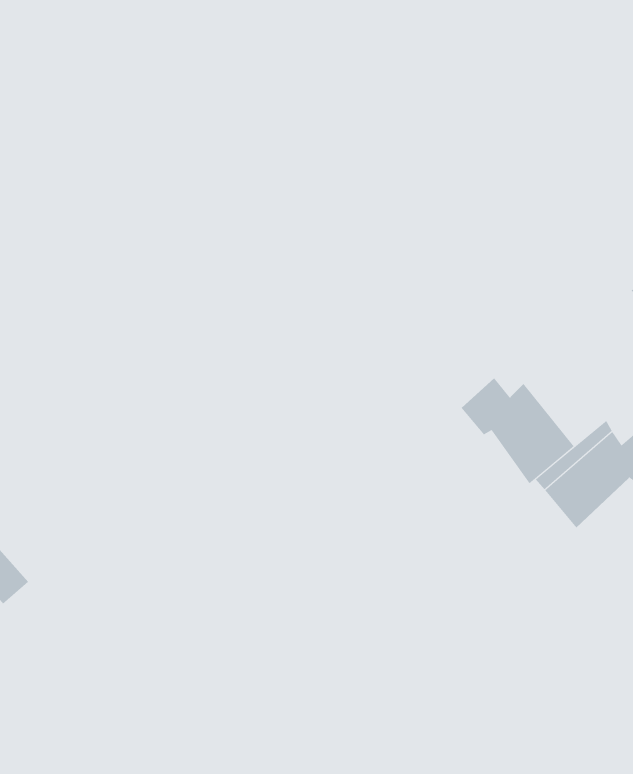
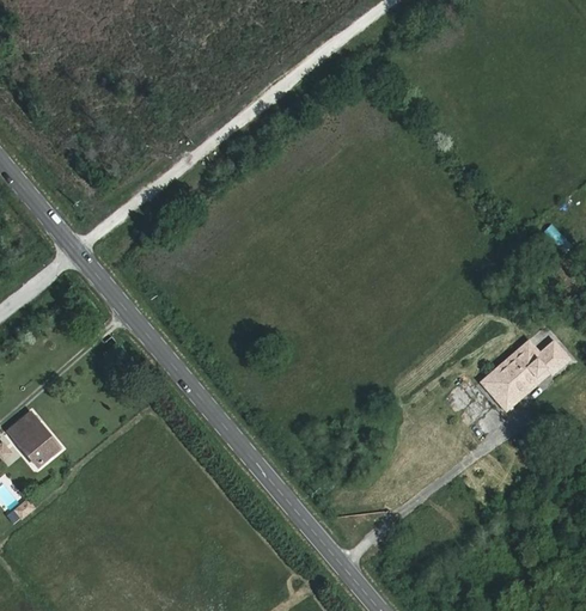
building: [461,378,574,484] -> none

